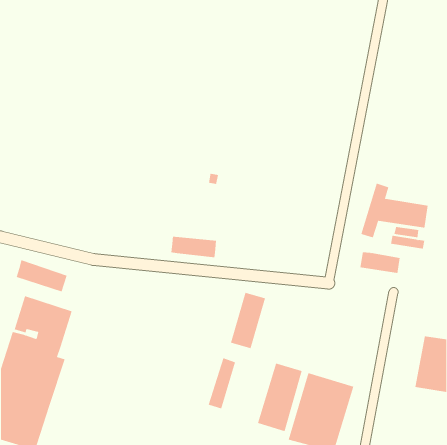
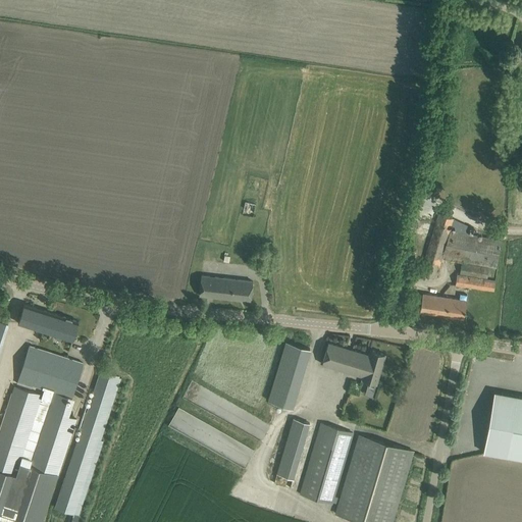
building: none -> [322,344,385,385]
building: none -> [55,372,121,517]
building: [208,358,236,409] -> [276,420,309,480]

